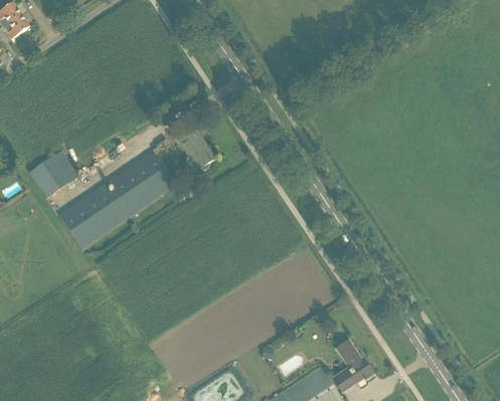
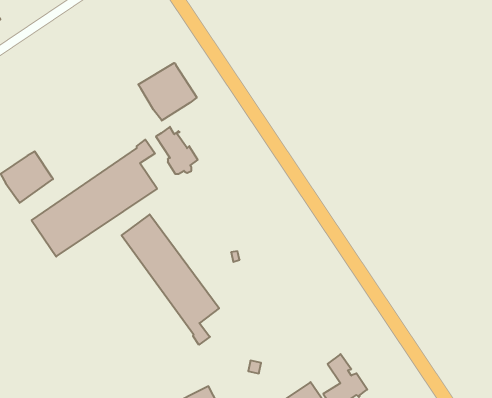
building: none -> [138,63,197,121]
building: none -> [122,214,219,345]

